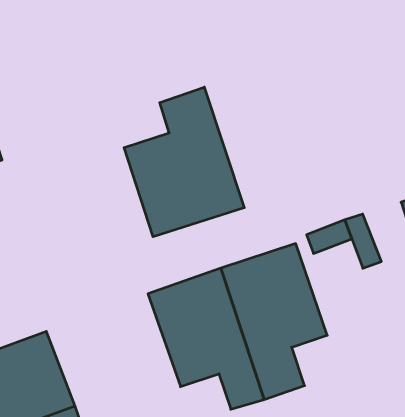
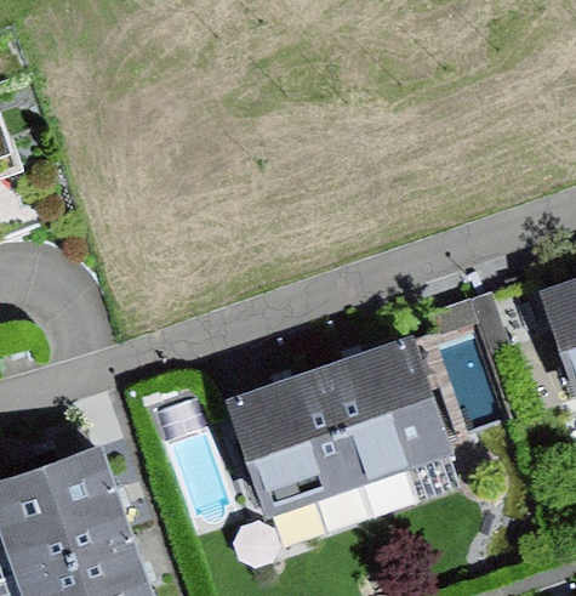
building: [124,87,244,237] -> none

